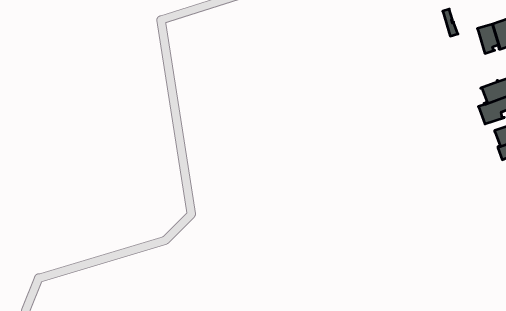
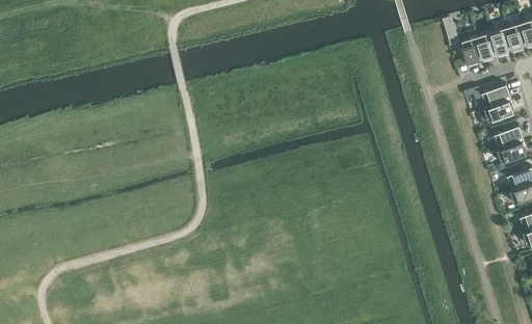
building: none -> [461,36,484,65]

